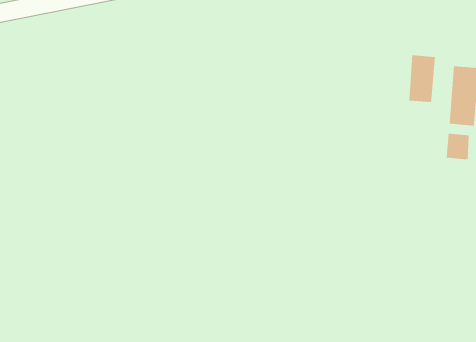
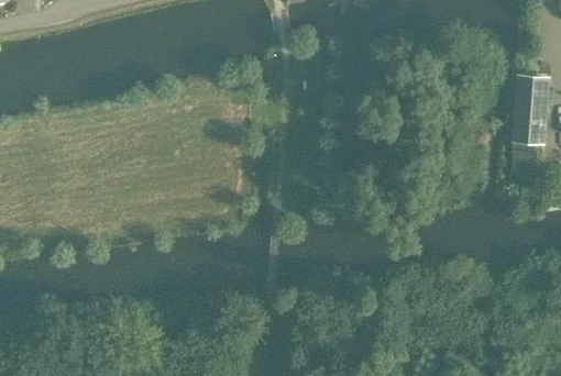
building: [409,55,436,103] -> none

